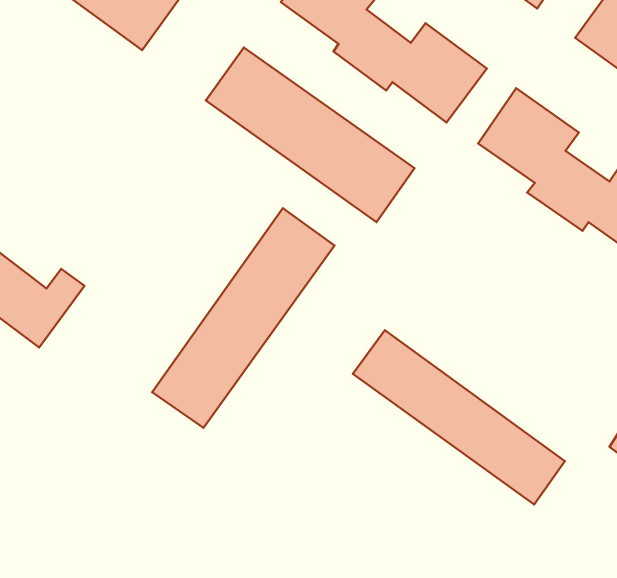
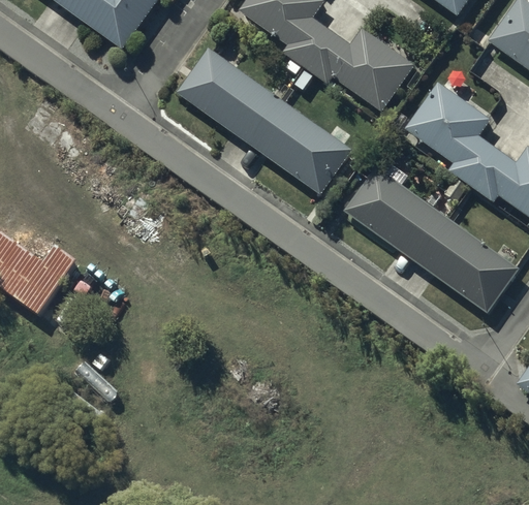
building: none -> [345,167,519,314]
building: [152,208,334,428] -> none
building: [353,330,565,504] -> none

